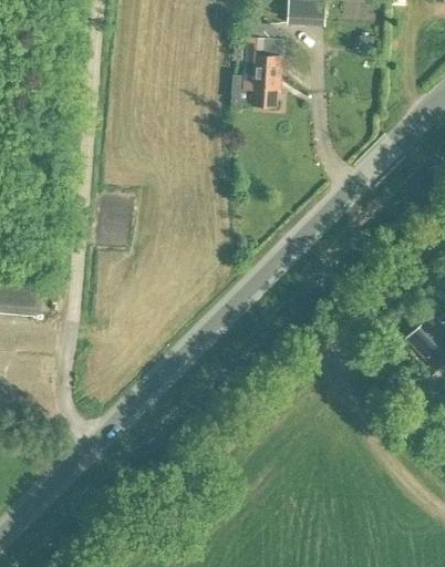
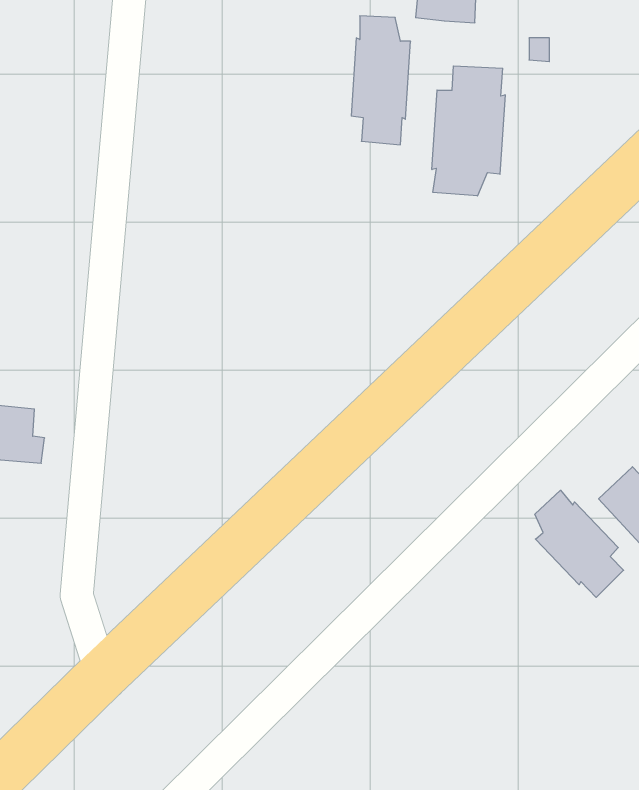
building: none -> [432,66,505,196]
building: none -> [535,490,624,597]

